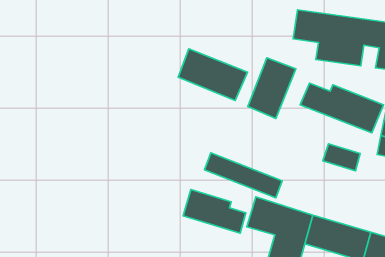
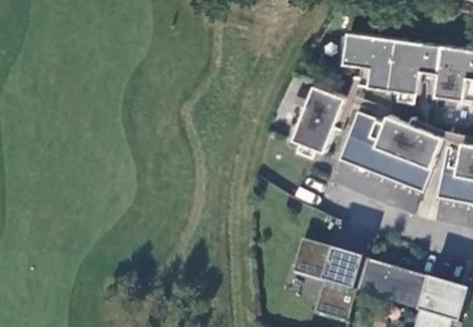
building: [178,49,248,101] -> none
building: [204,153,282,198] -> [344,137,430,188]
building: [183,190,246,233] -> none

